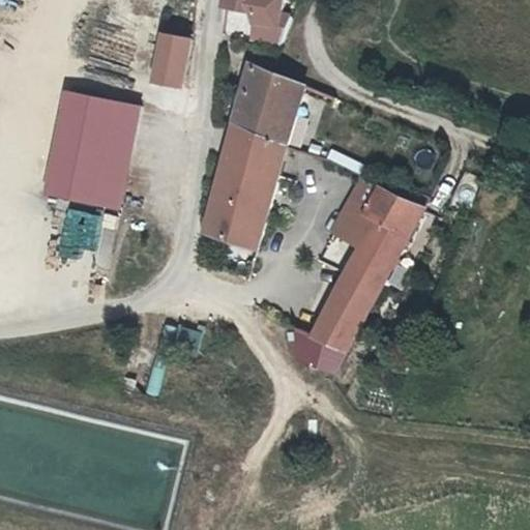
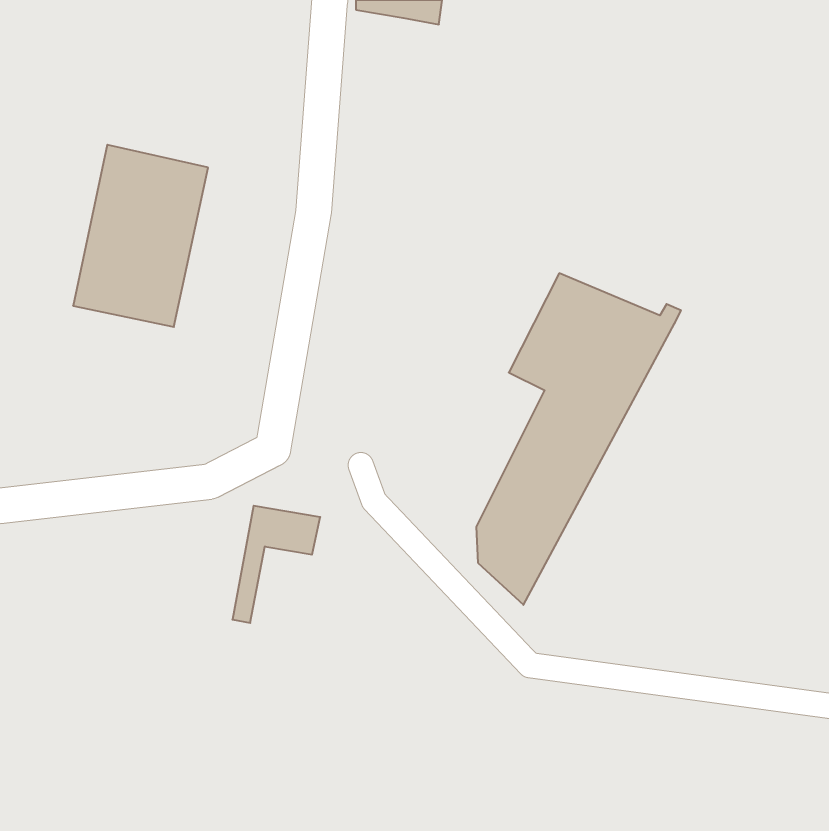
building: [253,11,290,46] -> none
building: [148,36,184,87] -> none
building: [203,63,302,247] -> none

